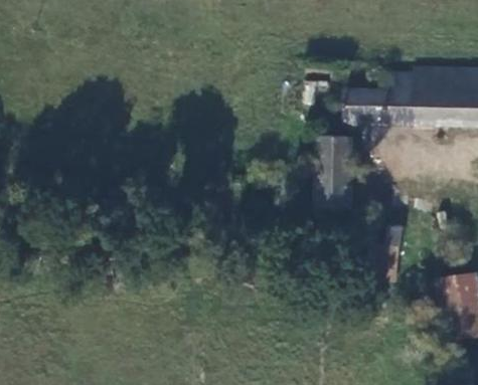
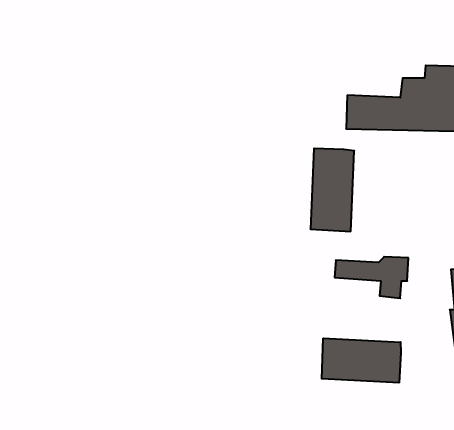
building: none -> [322,338,401,383]

